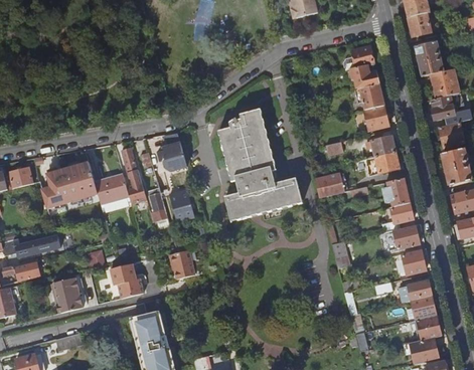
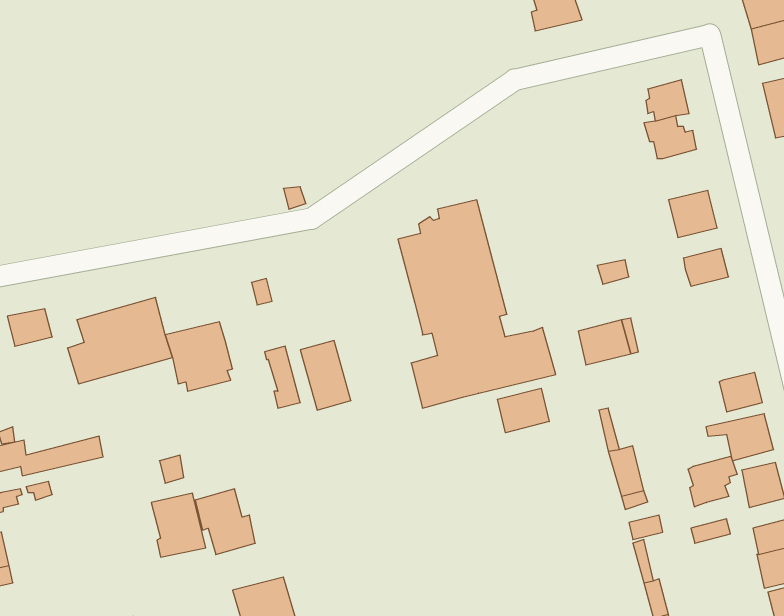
building: [360,81,382,107] -> none
building: [154,132,184,165] -> none
building: [122,148,146,202] -> none
building: [365,150,400,174] -> none
building: [382,177,410,205] -> none
building: none -> [497,388,549,433]
building: none -> [688,456,737,507]
building: [167,250,193,279] -> none
building: [52,278,82,312] -> [151,493,206,557]

